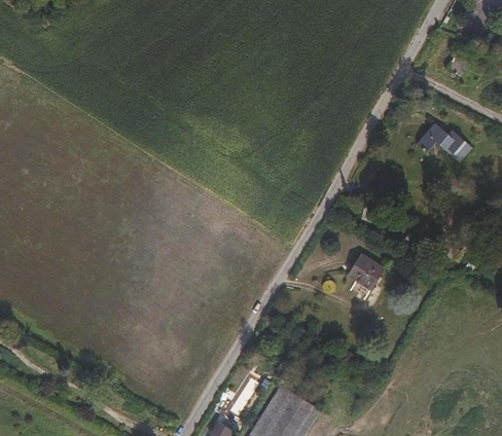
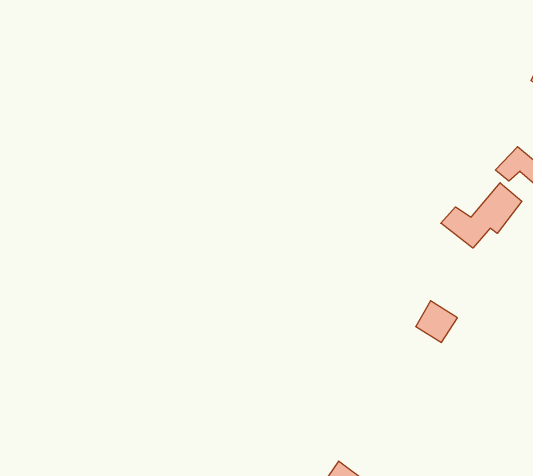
building: none -> [441,183,522,248]

